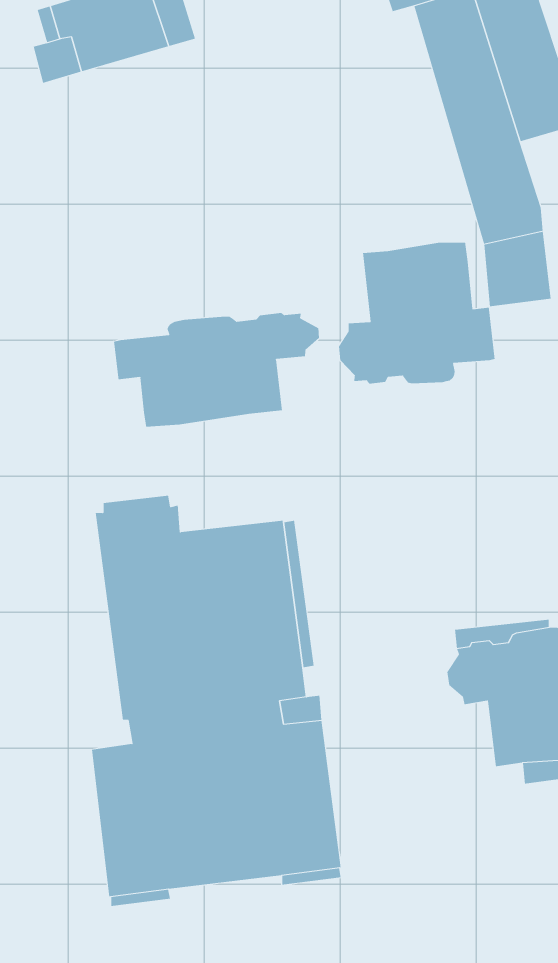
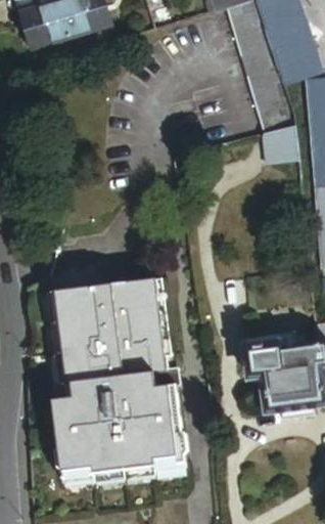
building: [338,242,495,384] -> none
building: [113,312,320,427] -> none

